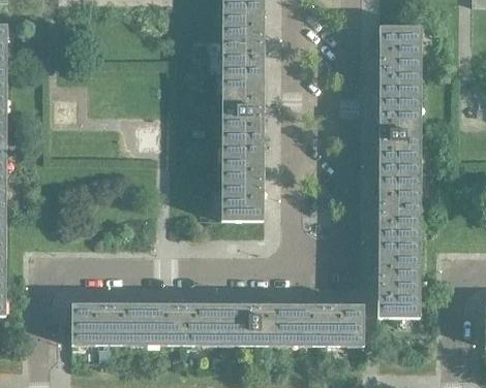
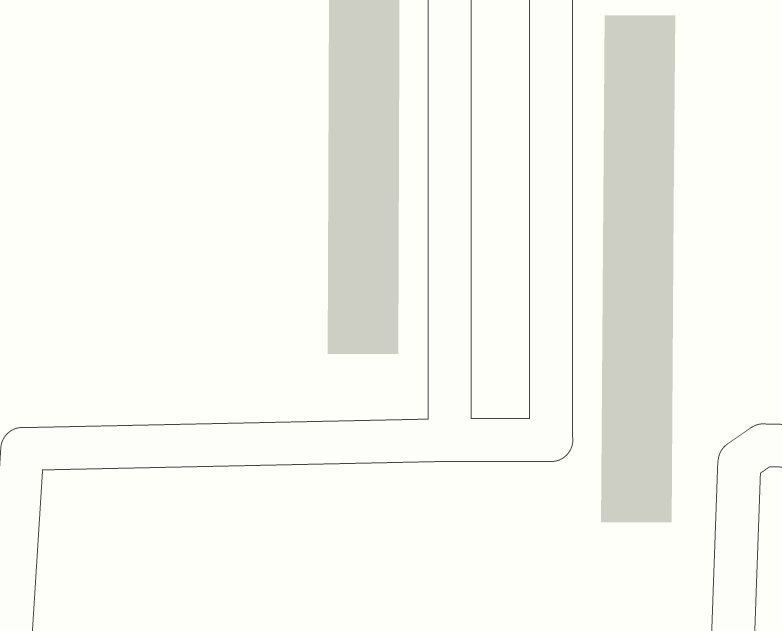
building: [71,301,363,344] -> none

